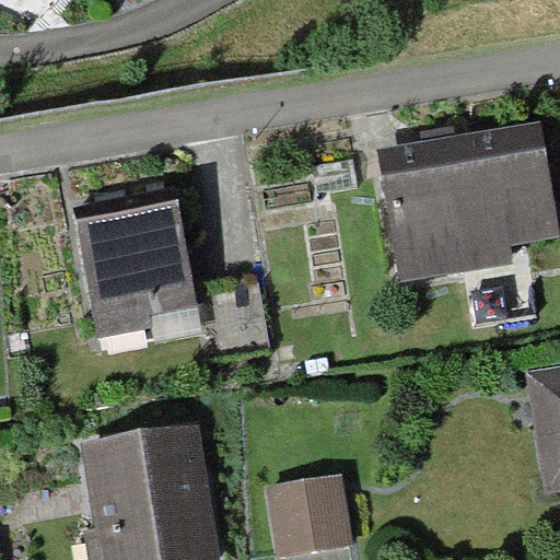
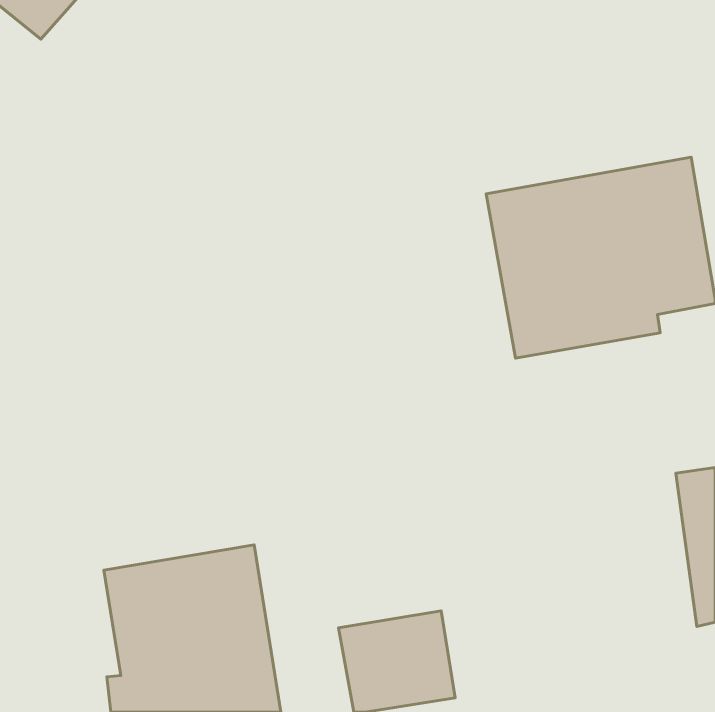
building: [75,202,270,359] -> none

